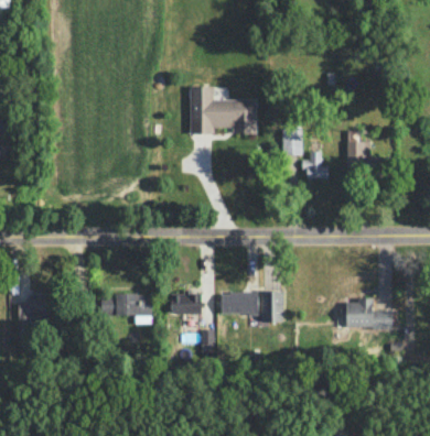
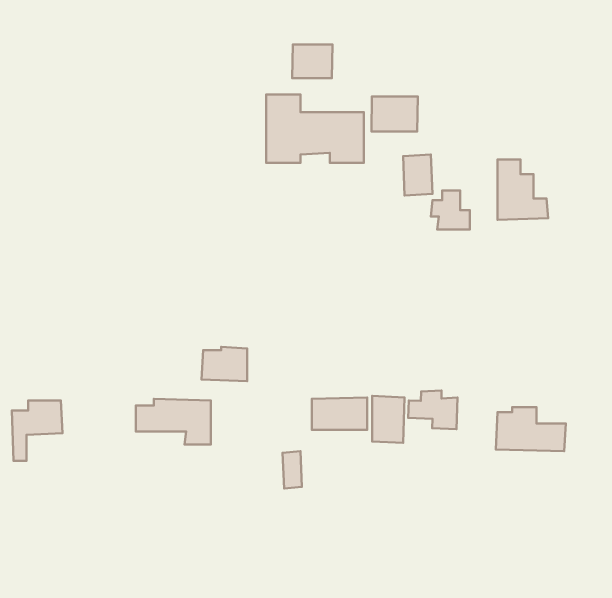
building: none -> [292,44,332,78]
building: none -> [371,96,418,132]
building: none -> [408,391,458,429]
building: [171,291,202,314] -> [202,347,247,381]

